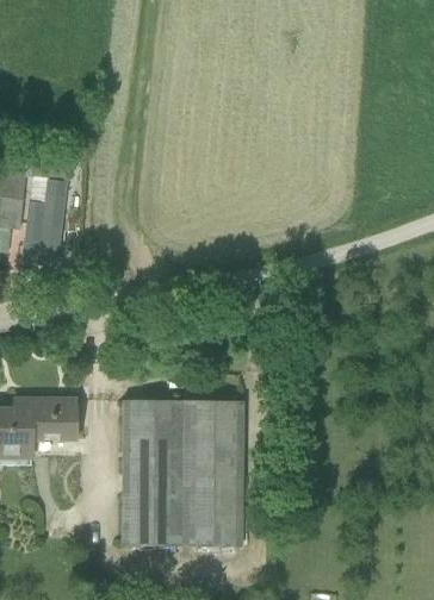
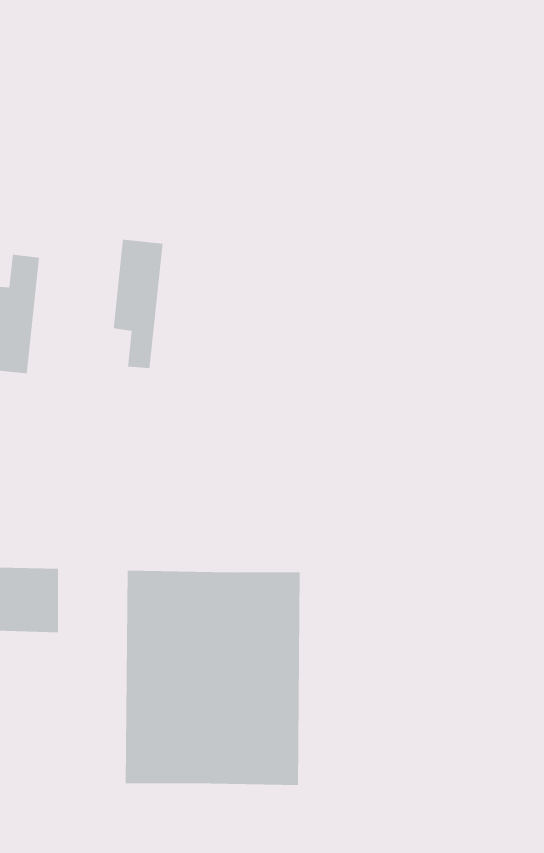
building: none -> [113,239,163,369]

